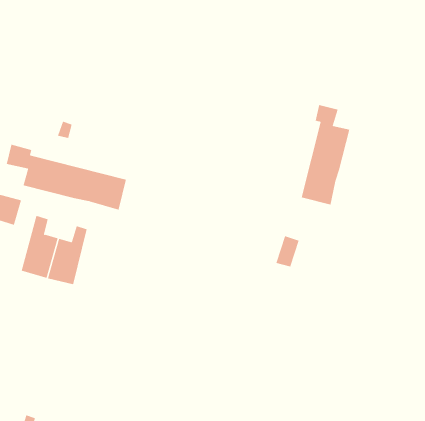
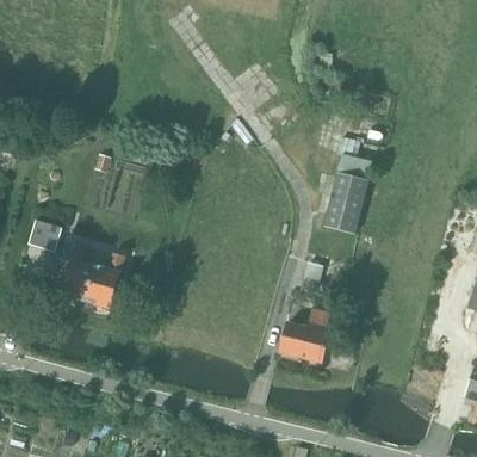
building: [6,144,127,210] -> none
building: none -> [279,308,330,363]

